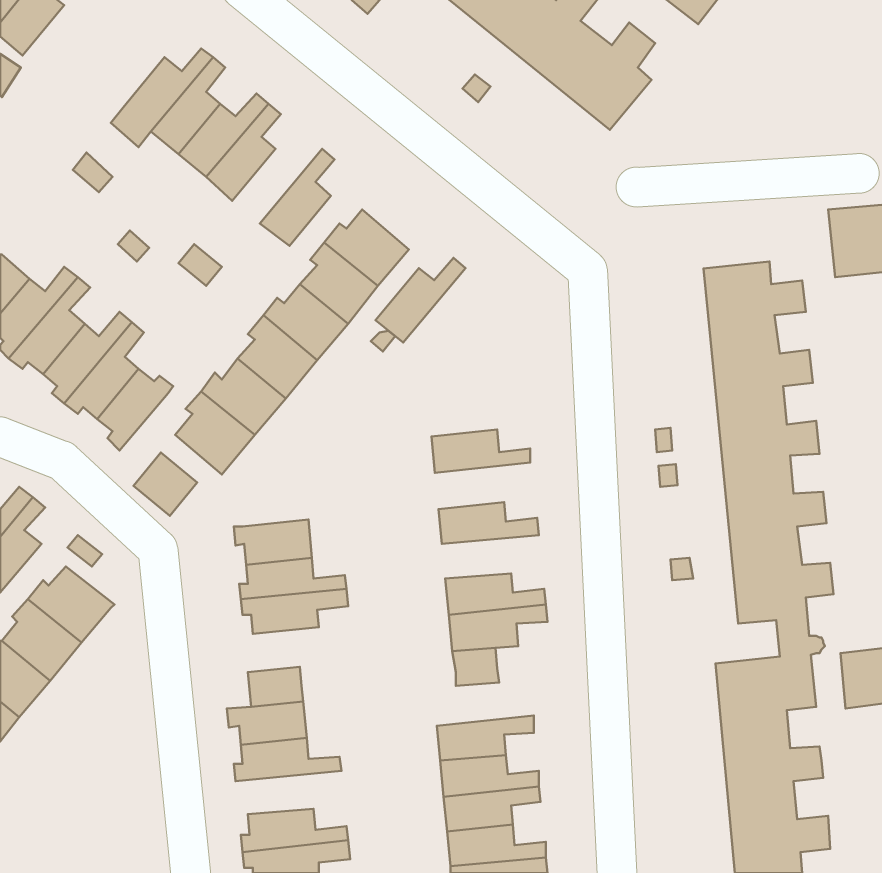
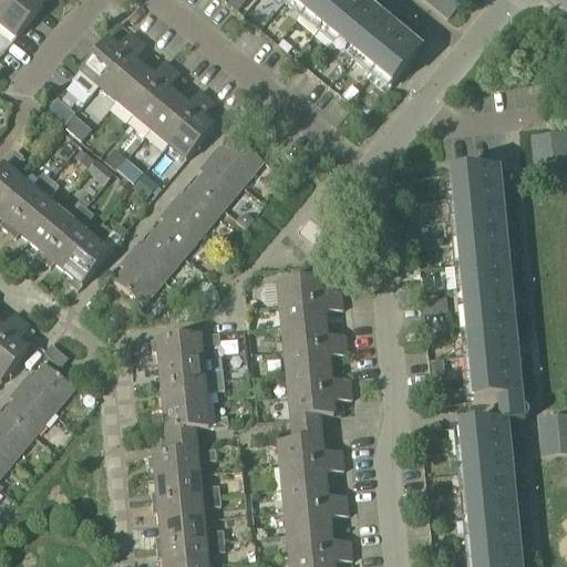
building: [375,258,465,343] -> [151,89,208,143]
building: [133,453,197,516] -> none
building: none -> [280,296,342,326]
building: none -> [285,342,347,370]
building: none -> [159,401,208,430]
building: none -> [279,436,343,464]
building: none -> [153,493,221,520]

